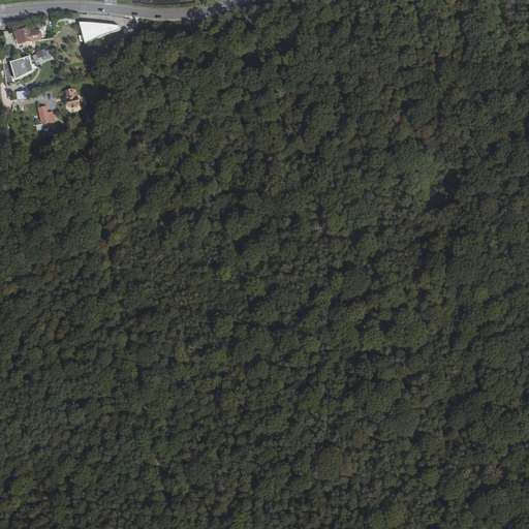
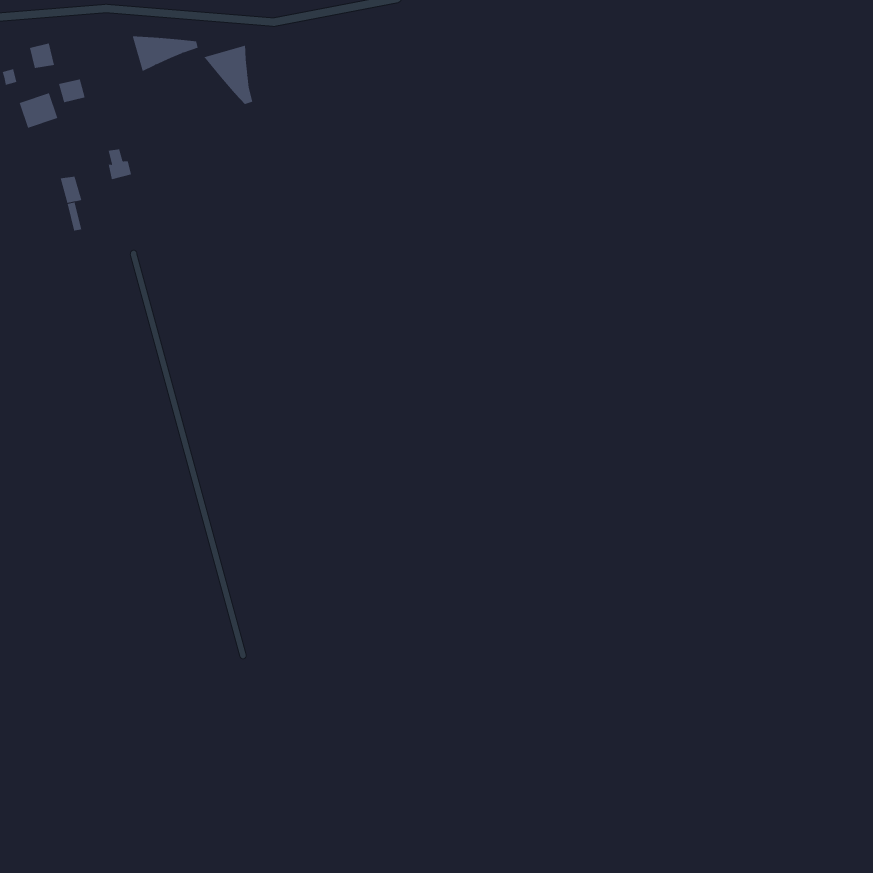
building: none -> [203,45,253,105]

